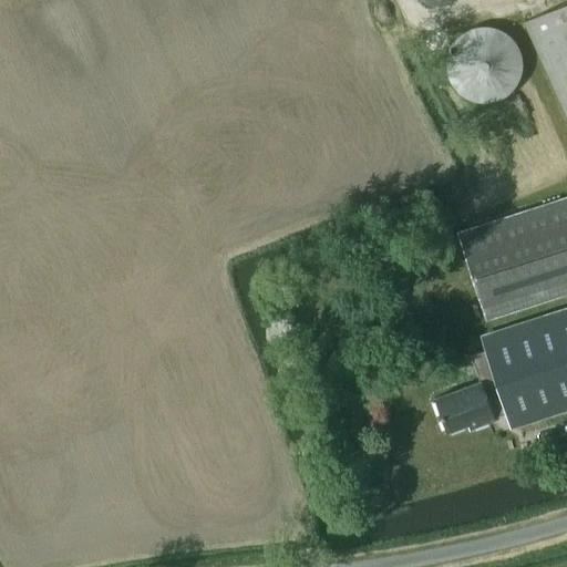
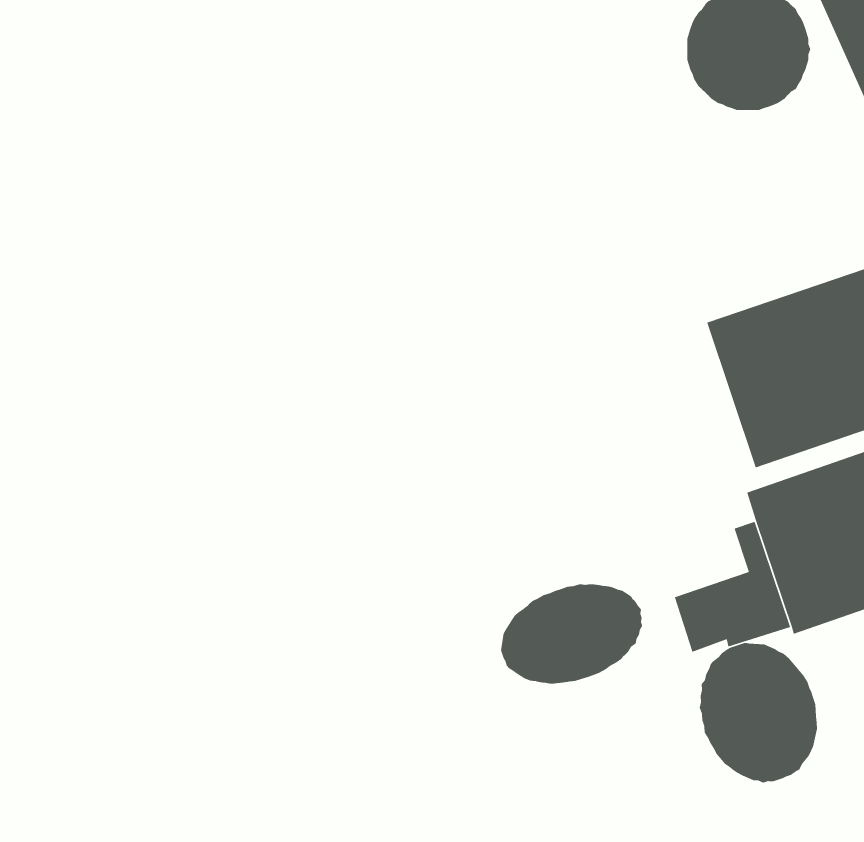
building: none -> [500,584,643,684]
building: none -> [699,642,818,784]

